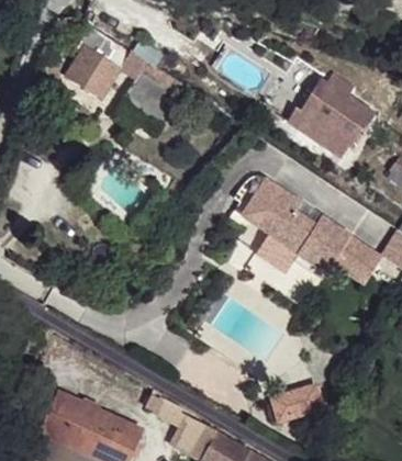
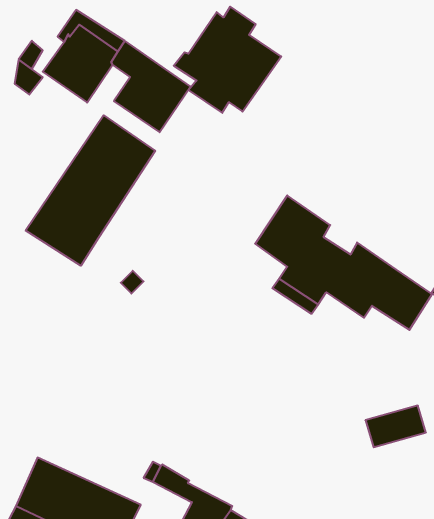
building: [289,74,377,160] -> [174,7,281,113]
building: none -> [26,115,155,266]
building: [272,383,322,417] -> [365,406,426,447]

